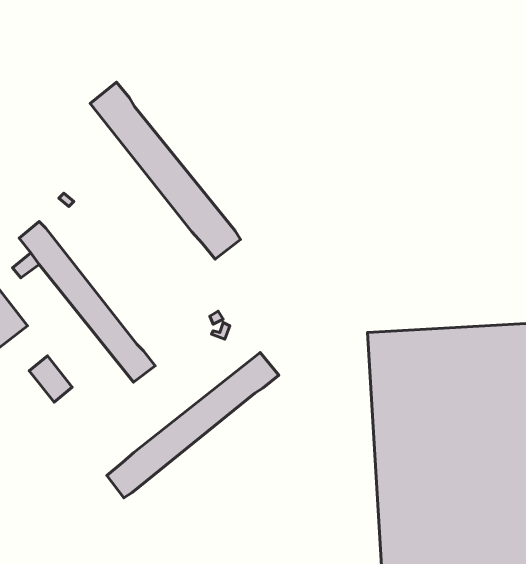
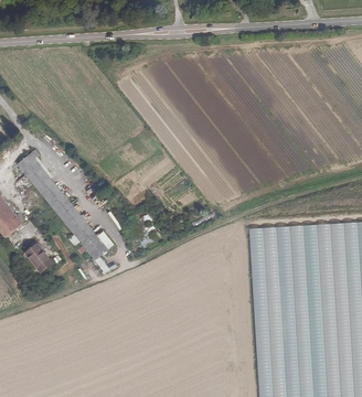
building: [90,82,241,259] -> none
building: [107,352,279,498] -> none

